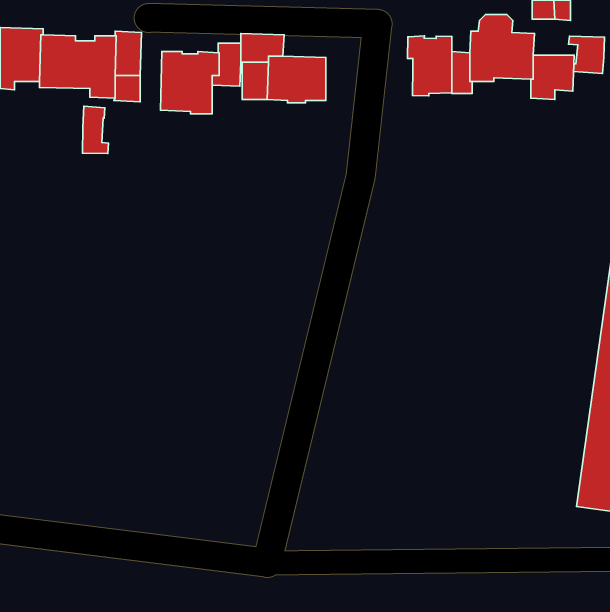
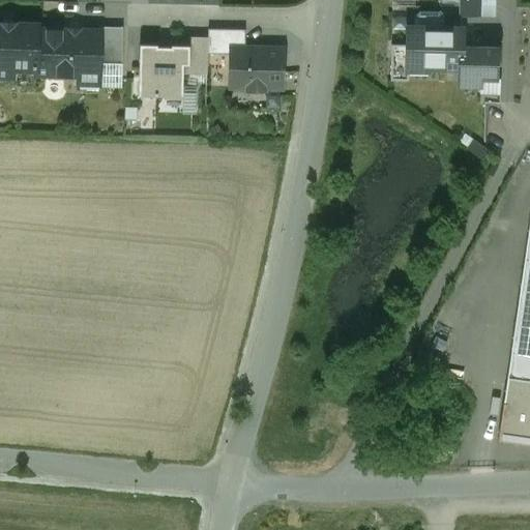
building: [407,36,452,96] -> none
building: [569,36,604,73] -> none
building: [82,106,108,153] -> none

